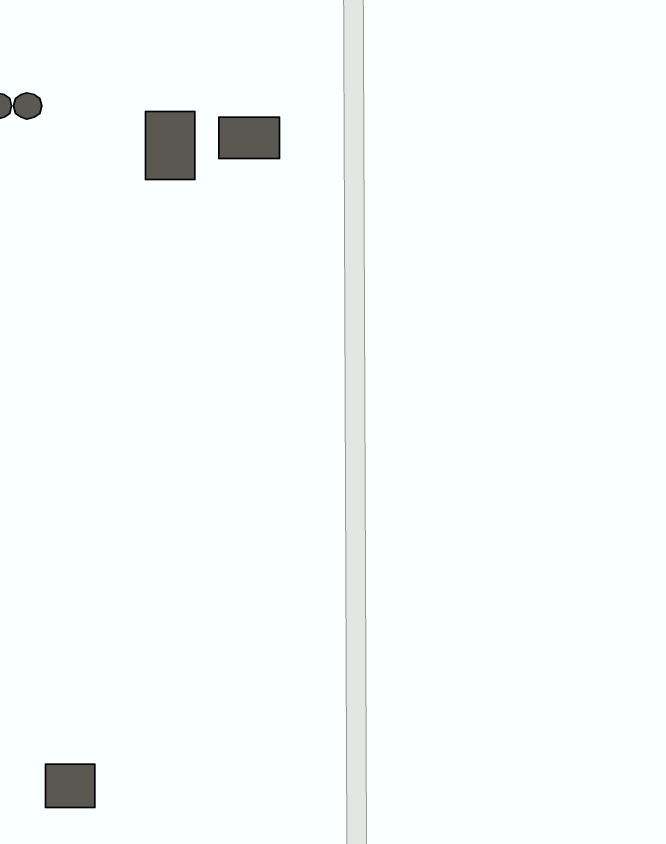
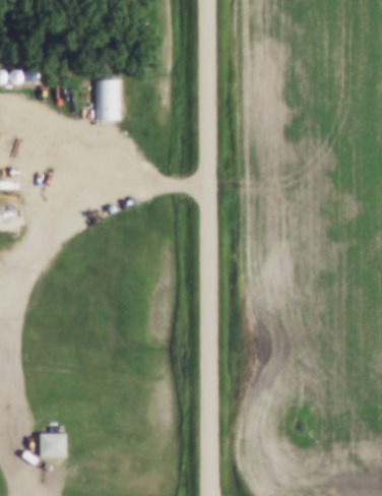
building: [219,117,280,158] -> none

